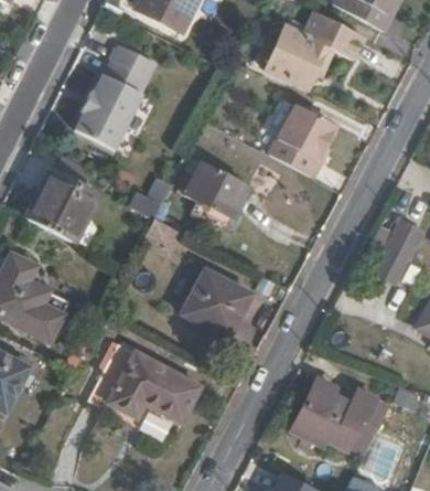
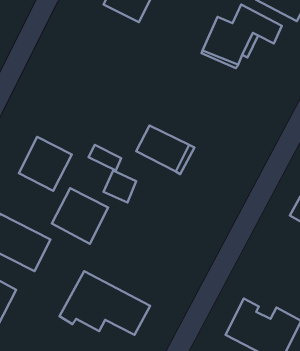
building: [82,49,161,151] -> none
building: [270,108,332,177] -> none
building: [180,269,250,339] -> [52,188,108,244]

